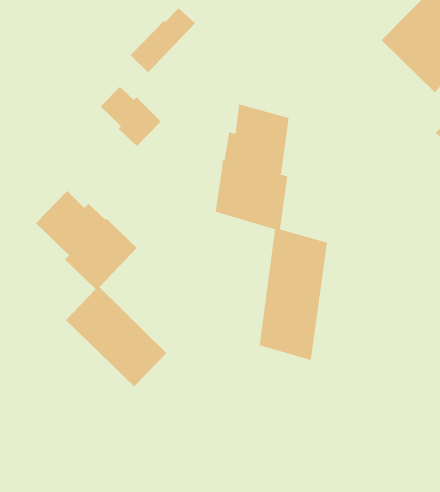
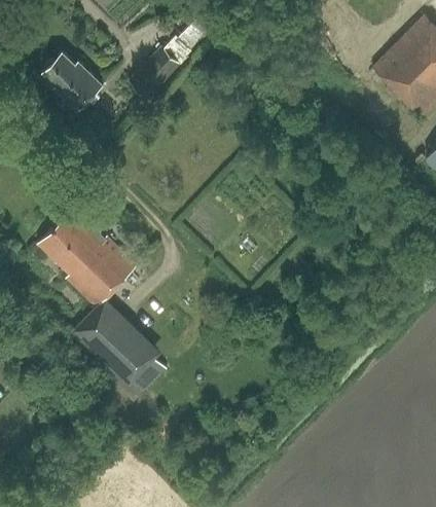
building: [100,86,161,147] -> [43,51,103,110]
building: [215,103,327,361] -> none

